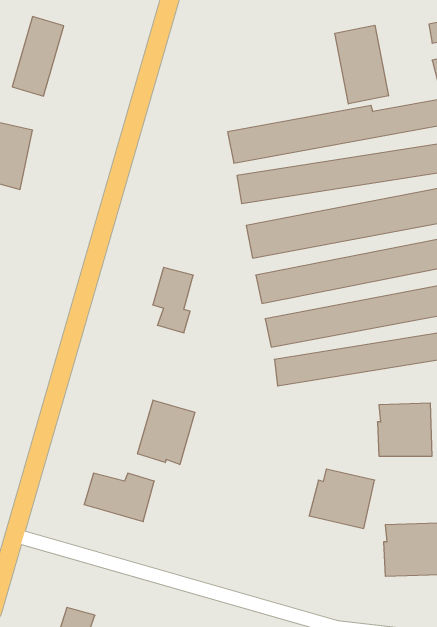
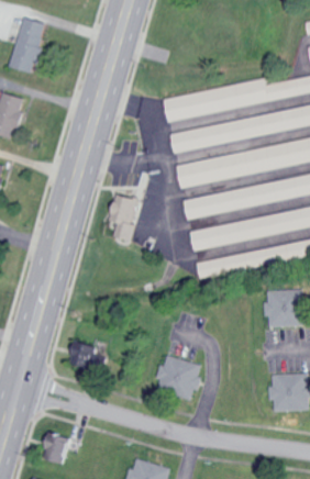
building: [335,25,388,104] -> none
building: [138,400,195,465] -> none
building: [309,469,375,528] -> [153,356,199,398]

